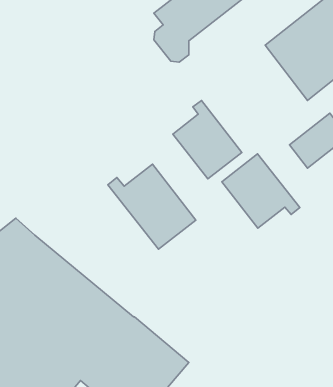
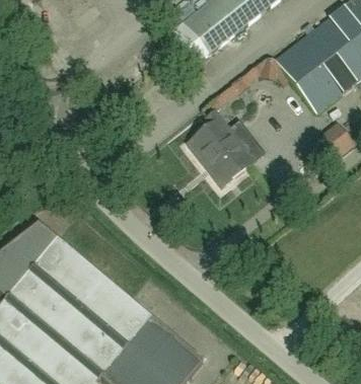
building: [222,154,300,228] -> none
building: [108,164,196,249] -> none

